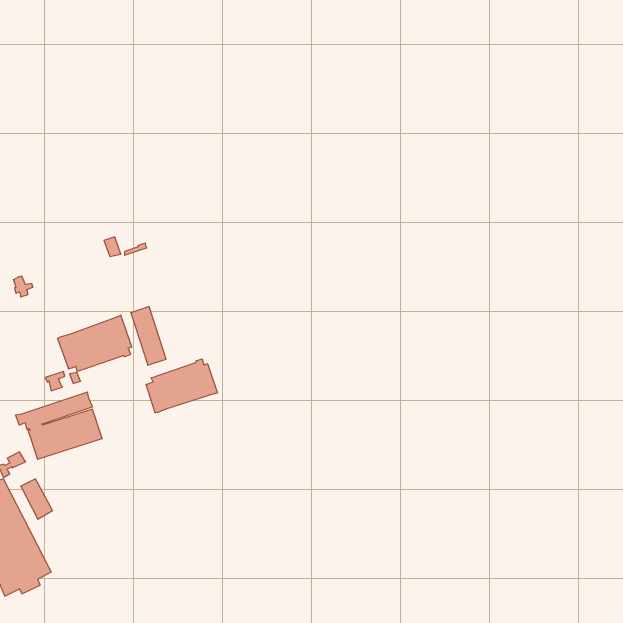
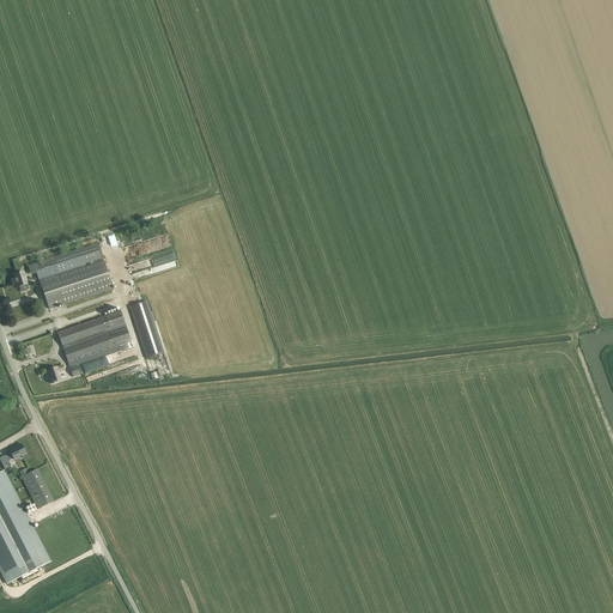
building: [146,359,217,413] -> none
building: [16,392,102,459] -> [26,242,111,308]

